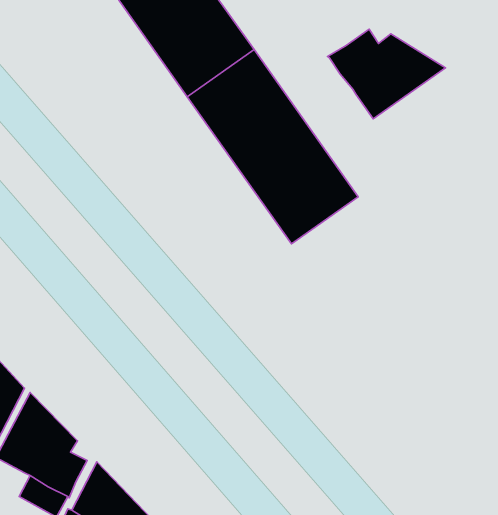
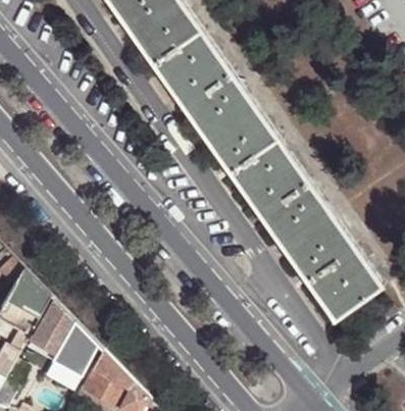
building: [328,29,446,119] -> none
building: none -> [241,154,381,314]

